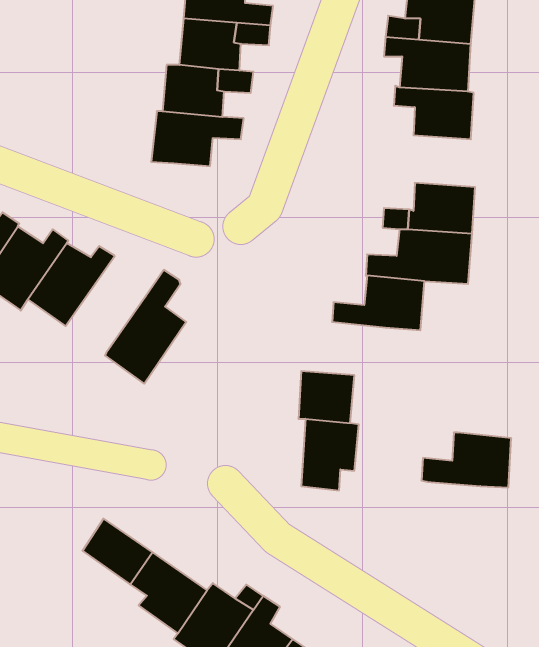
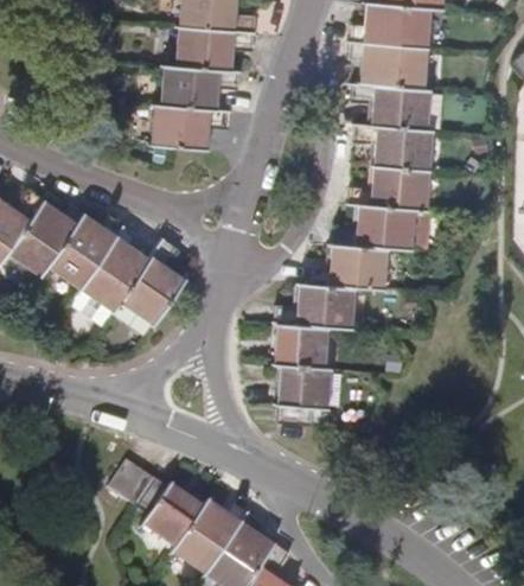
building: none -> [356,125,430,170]
building: none -> [82,228,149,310]
building: [421,433,511,487] -> [276,284,352,330]

